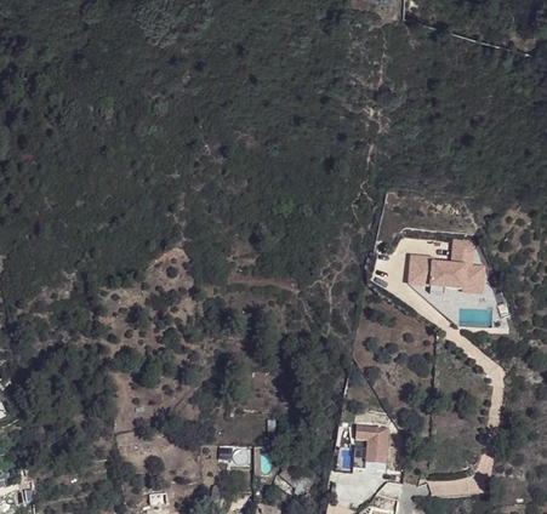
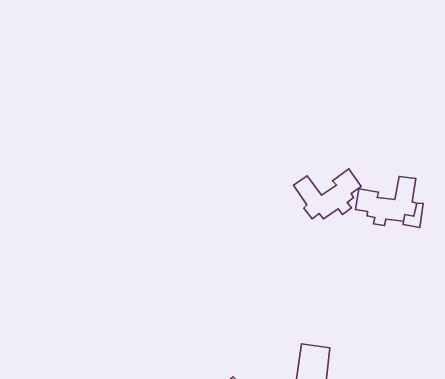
building: none -> [293,169,361,219]

